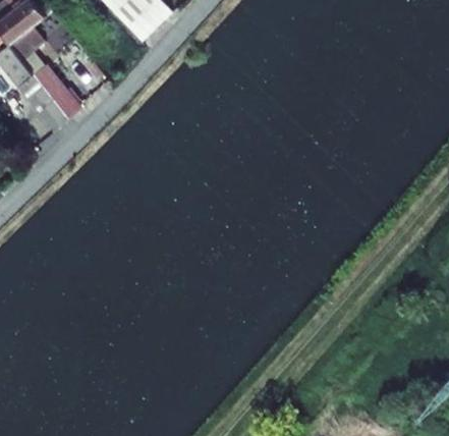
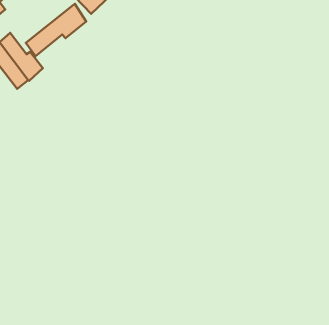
building: none -> [26,4,86,56]

